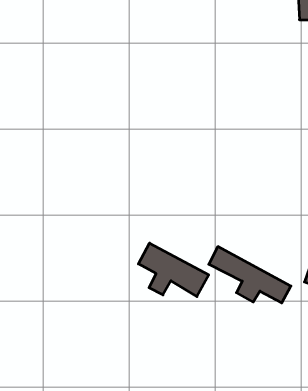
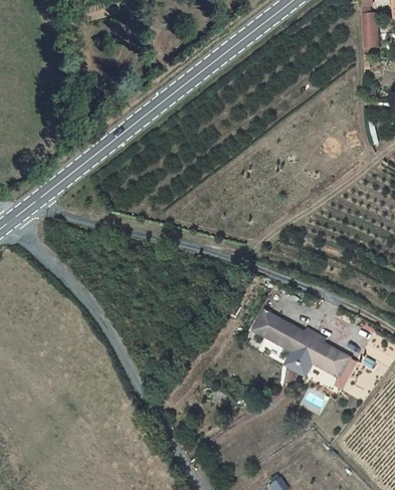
building: [138,243,209,297] -> none

